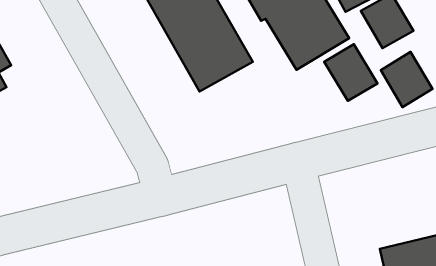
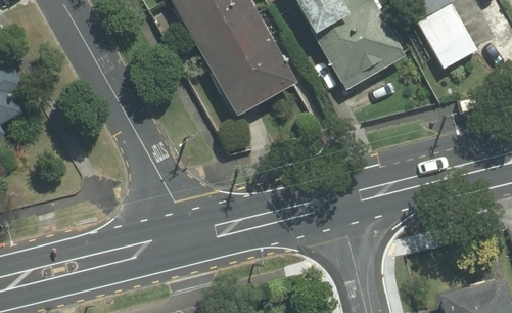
building: [324,44,377,101] -> none
building: [381,52,432,107] -> none

